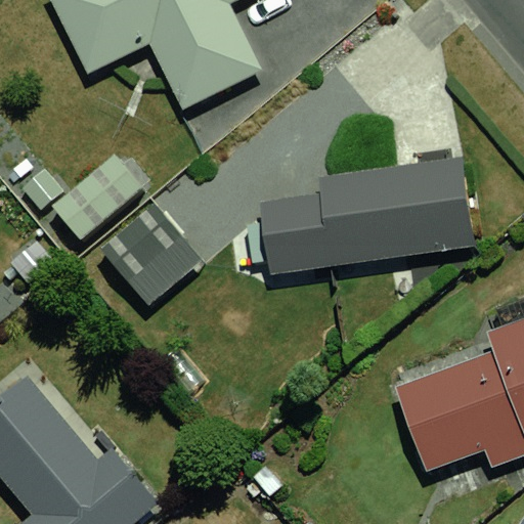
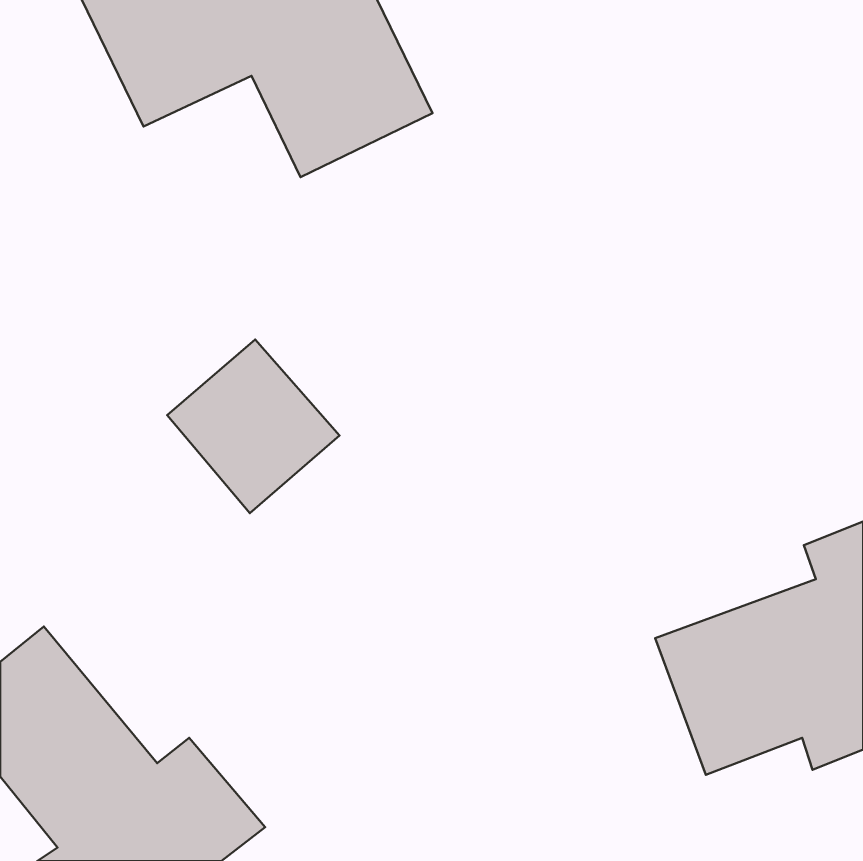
building: [50,152,143,239] -> none
building: [259,155,477,276] -> none

